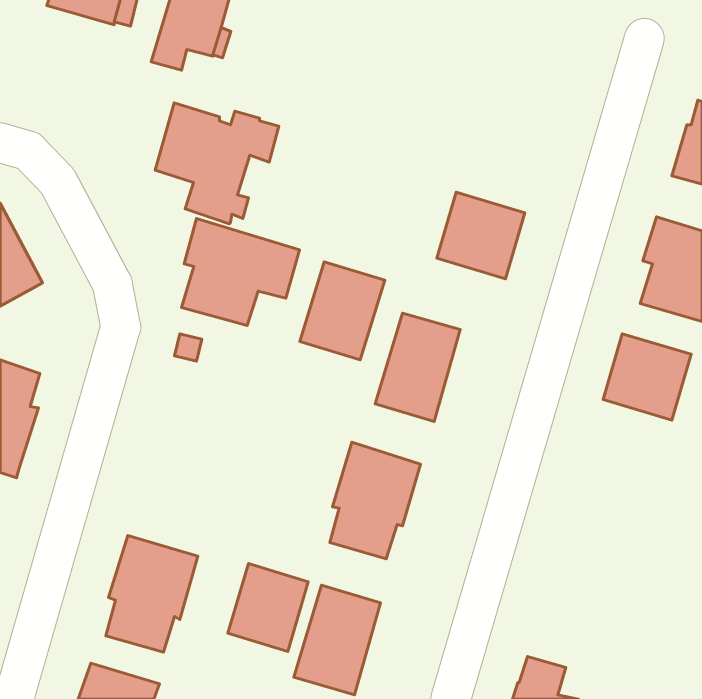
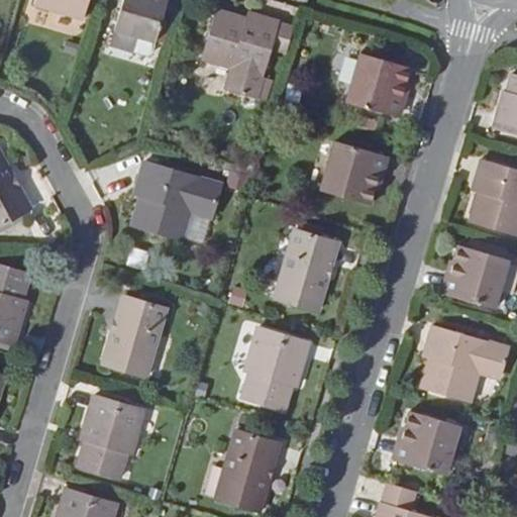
building: none -> [347,54,413,117]
building: [155,103,279,224] -> [203,10,294,99]
building: [300,262,385,360] -> none
building: none -> [103,296,168,377]
building: none -> [421,326,508,403]
building: none -> [395,412,459,475]
building: [228,564,308,651] -> none

